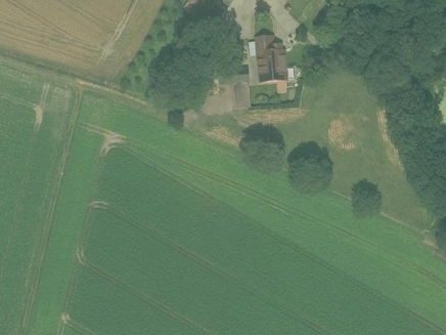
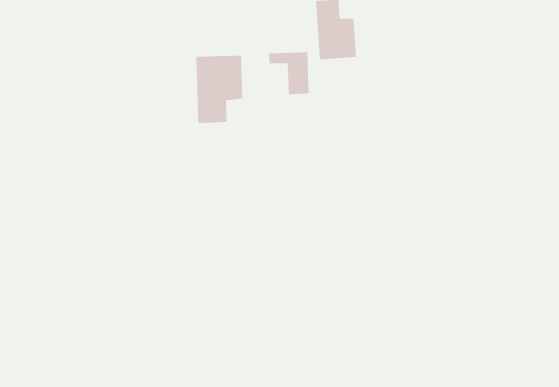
building: none -> [196,55,243,124]

